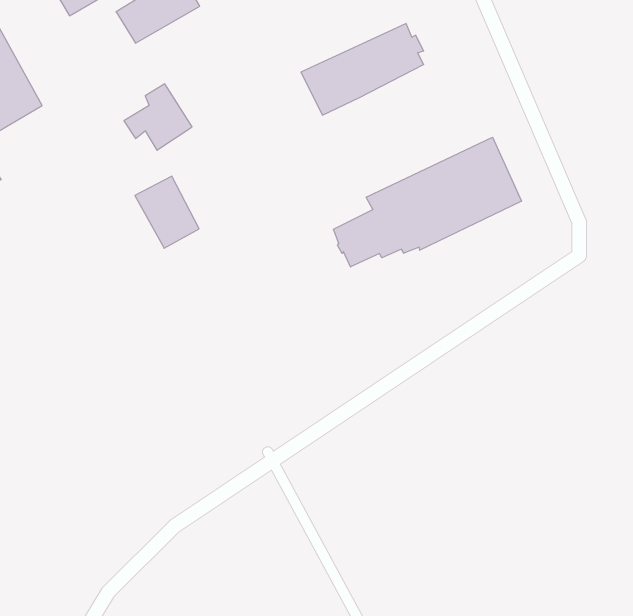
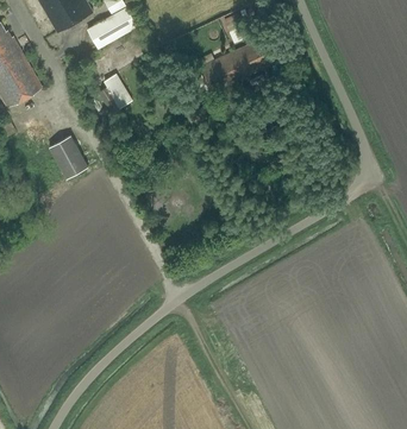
building: [334,137,521,267] -> none
building: [135,176,199,248] -> [48,135,87,179]

